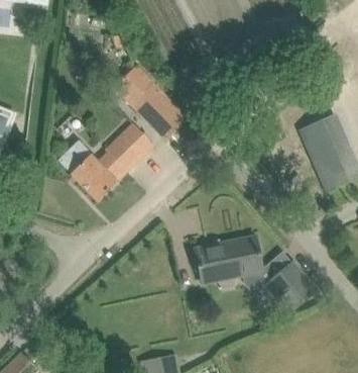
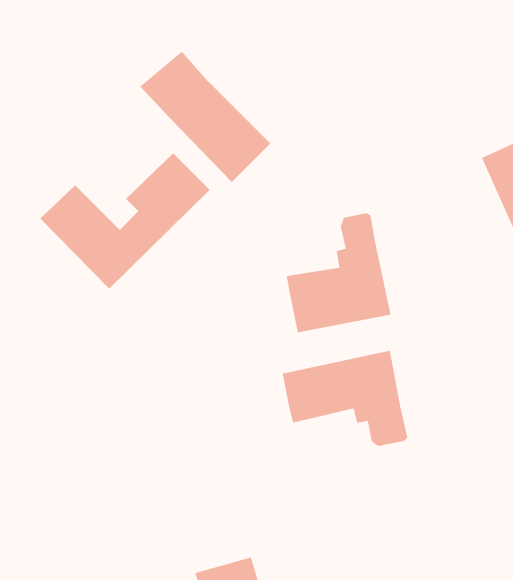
building: none -> [286,212,391,333]
building: [264,263,316,315] -> none

